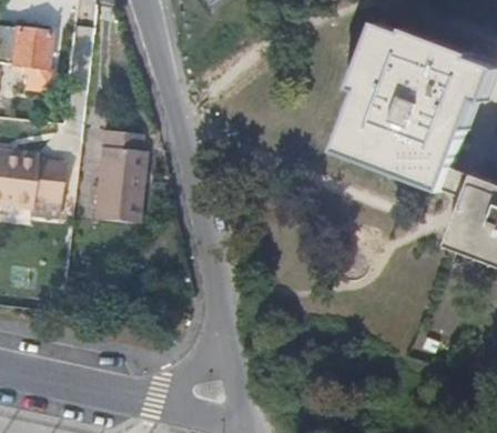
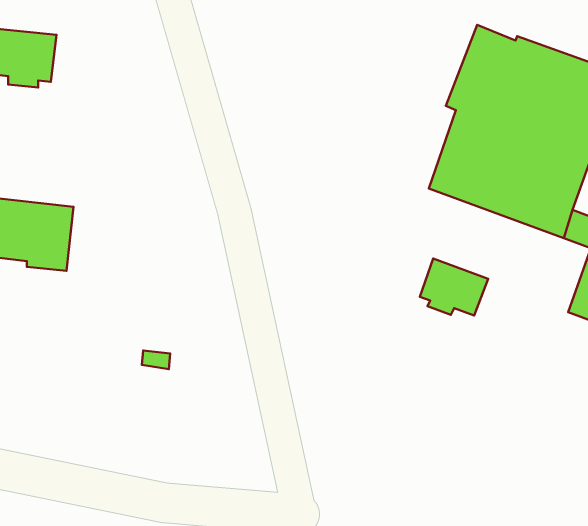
building: [95,127,149,221] -> none
building: none -> [420,258,488,316]

